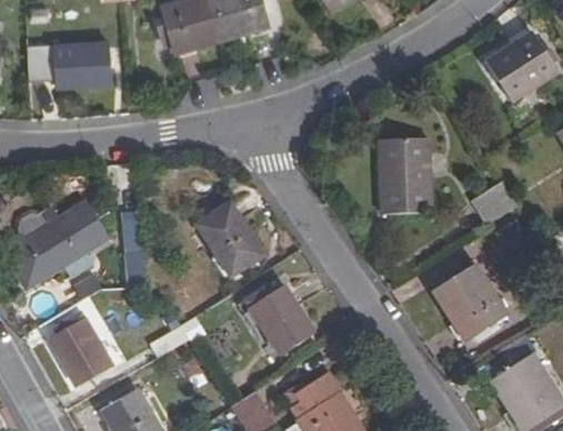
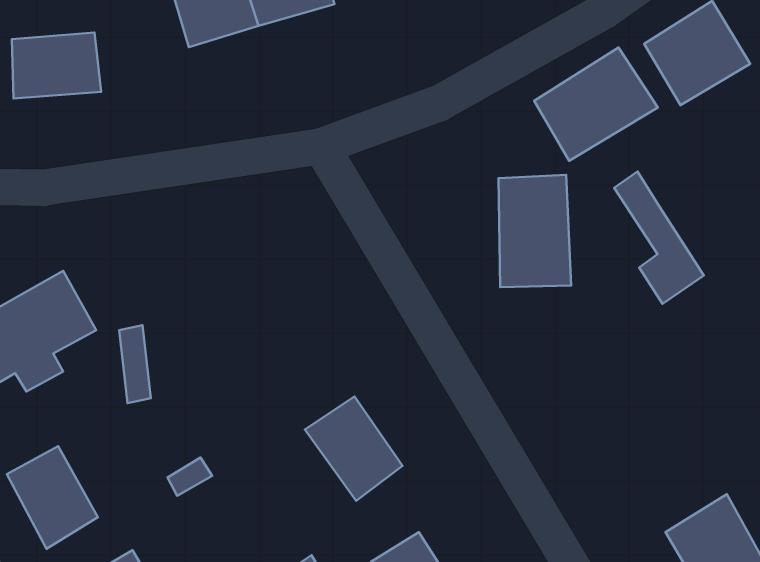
building: none -> [534,47,658,161]
building: [193,204,262,278] -> none
building: [438,263,510,340] -> none

